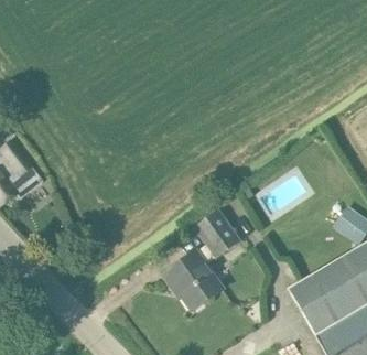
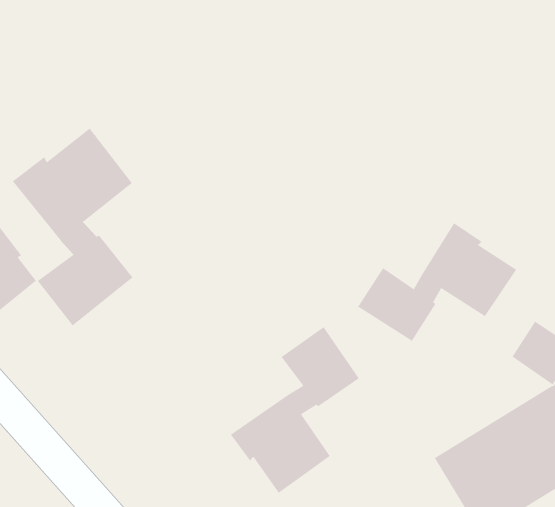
building: none -> [12,127,134,326]
building: none -> [357,222,517,342]

